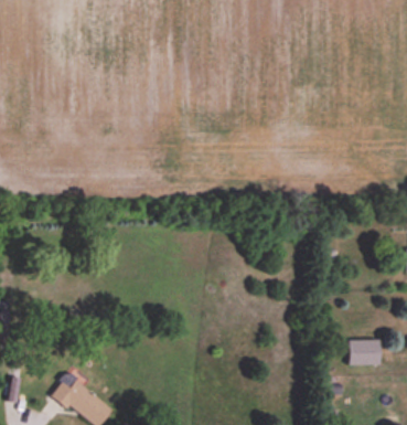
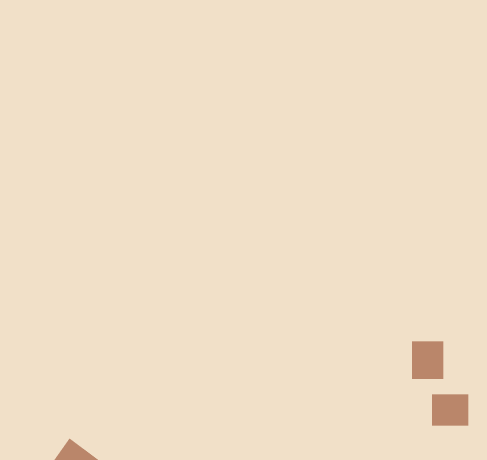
building: none -> [412,340,444,380]

